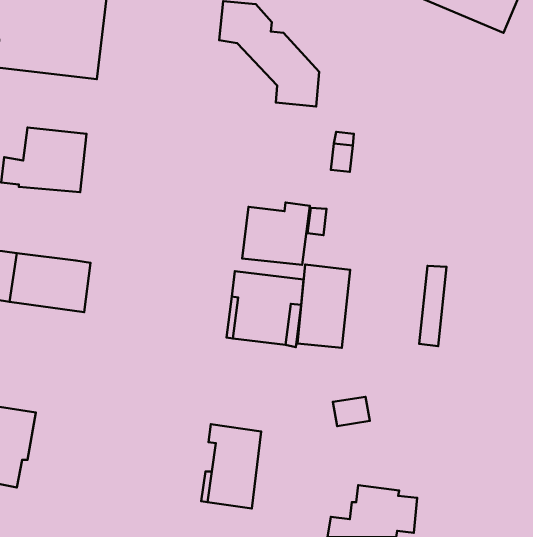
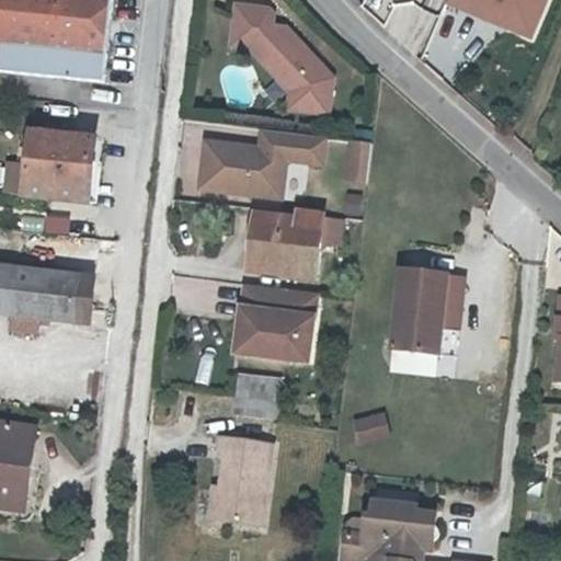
building: none -> [199,126,323,195]
building: [298,264,350,348] -> [390,271,445,357]
building: none -> [234,374,279,419]

